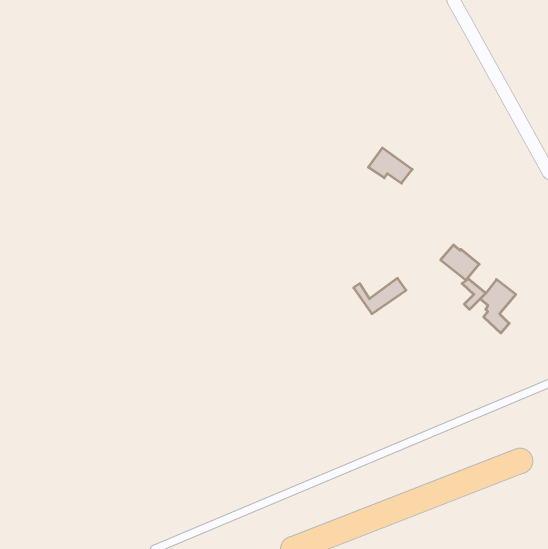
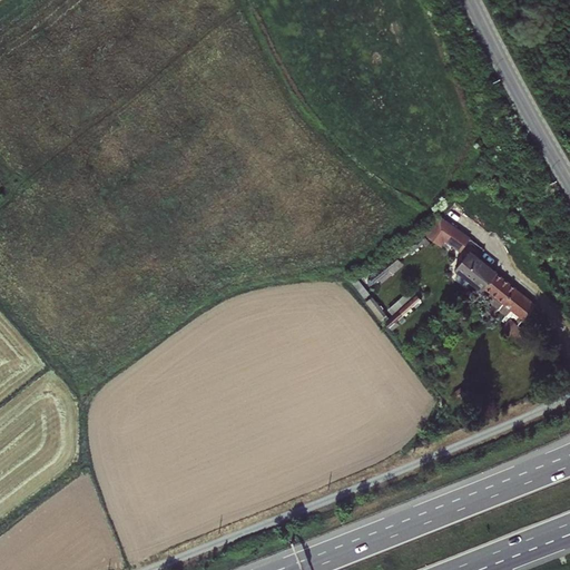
building: [368,148,412,183] -> [425,215,471,252]
building: none -> [485,274,515,304]

